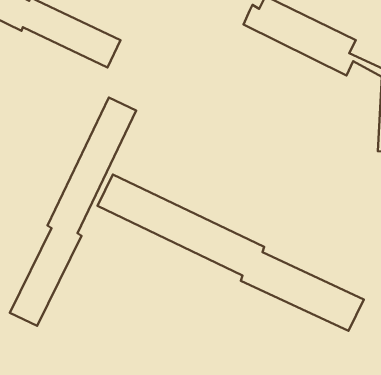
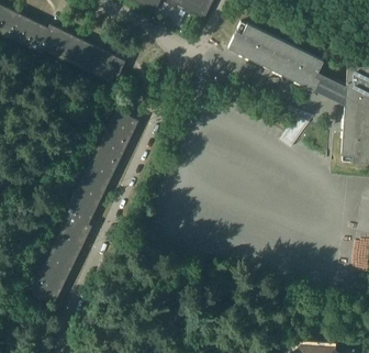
building: [98,174,364,331] -> none

